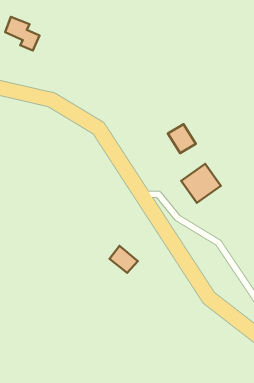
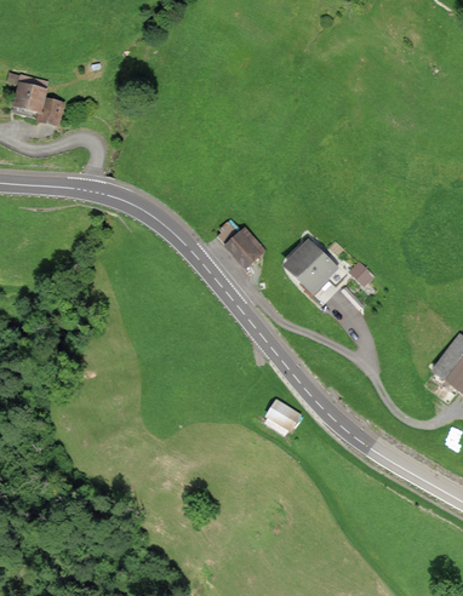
building: [168,124,196,153] -> [225,229,265,269]
building: [109,246,138,273] -> [262,399,301,434]

